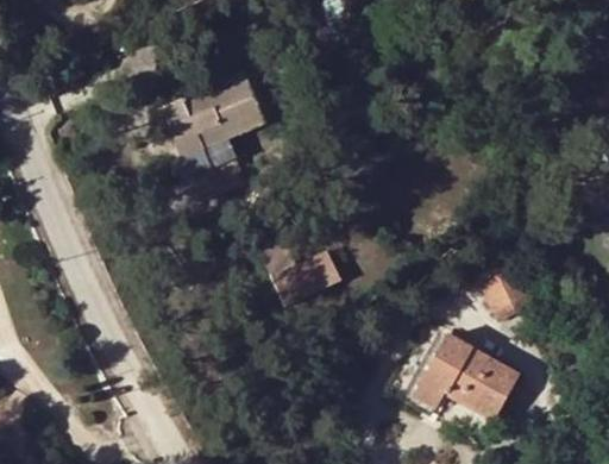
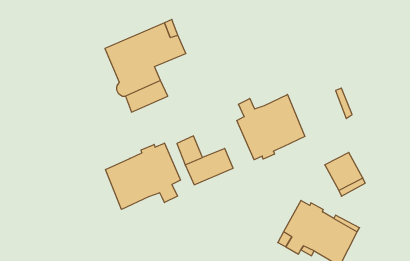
building: none -> [237,94,305,160]
building: none -> [105,143,181,209]

